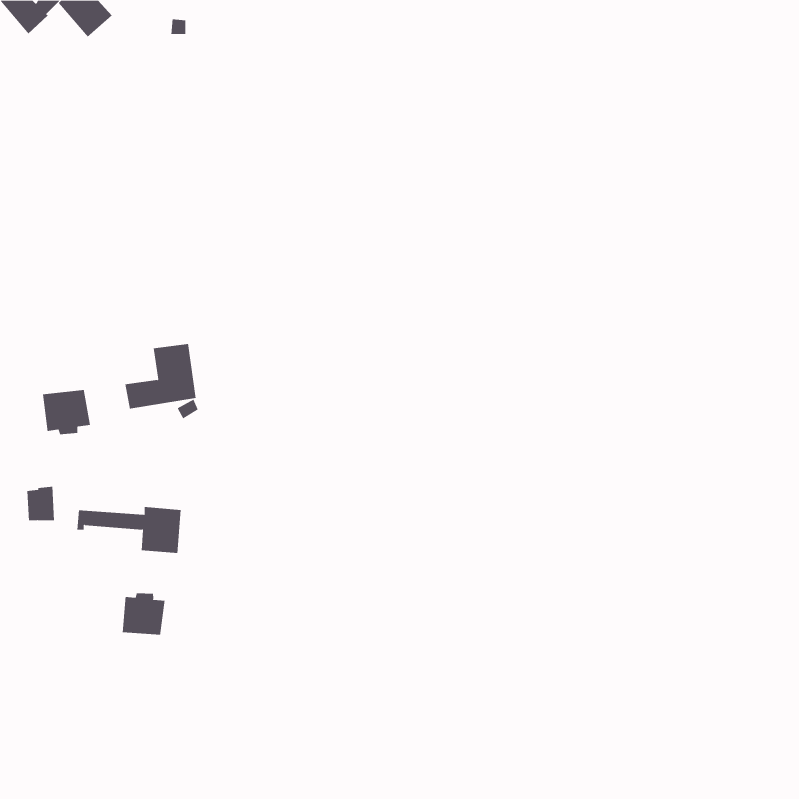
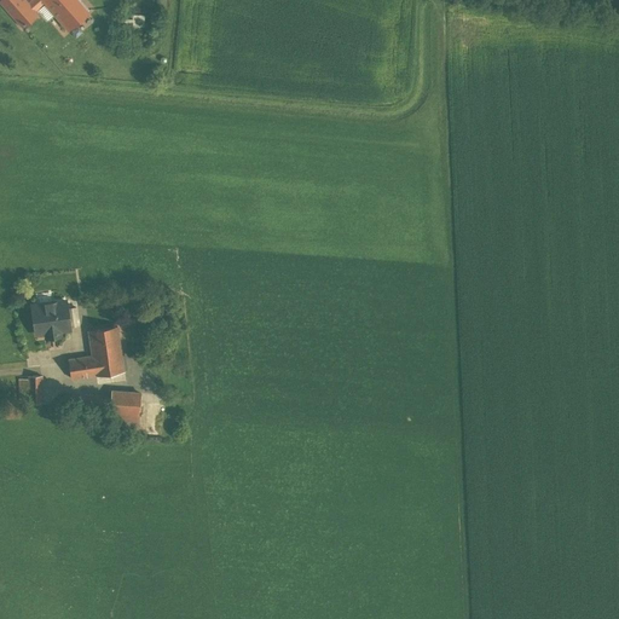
building: [125,344,197,409] -> [68,328,123,378]
building: [122,592,165,636] -> none

